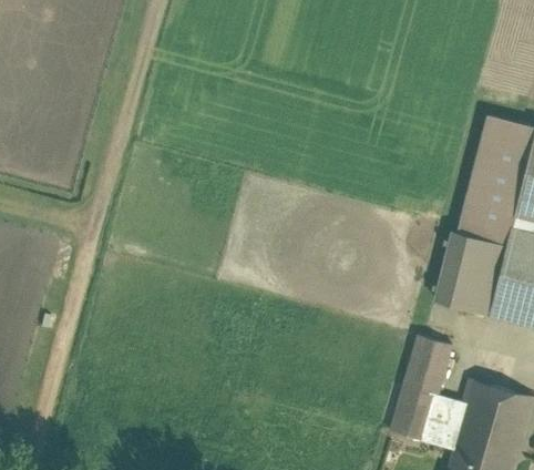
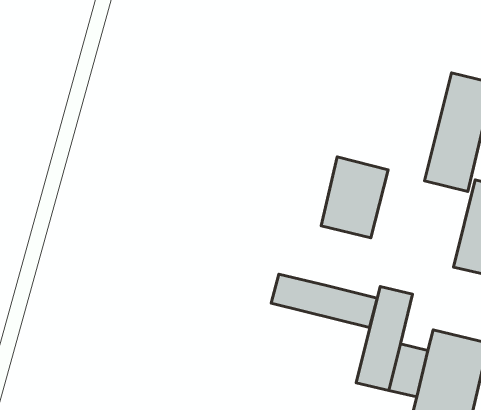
building: [437,231,505,314] -> [321,157,388,238]
building: none -> [271,274,377,328]

